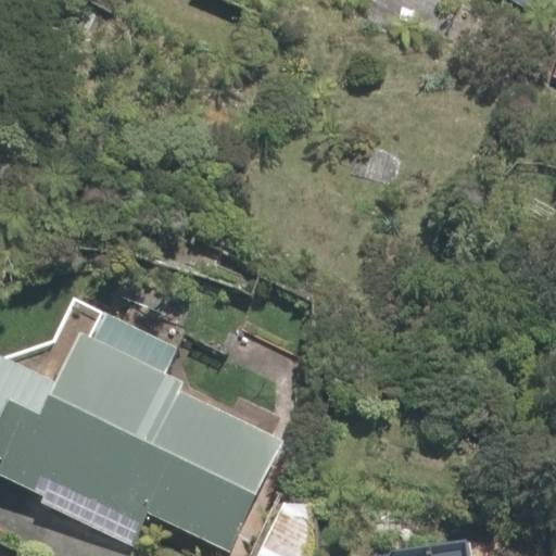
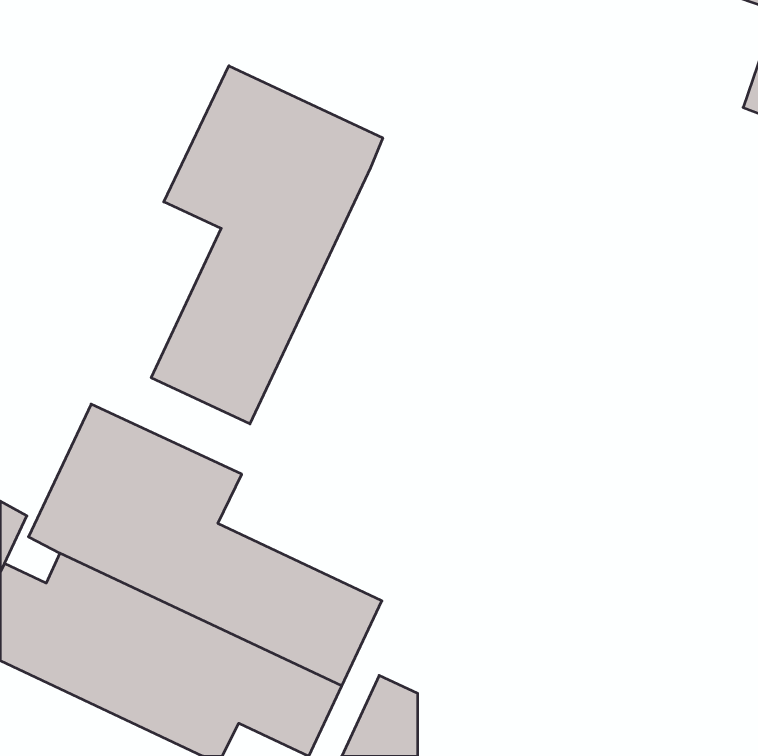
building: none -> [151,66,383,424]

